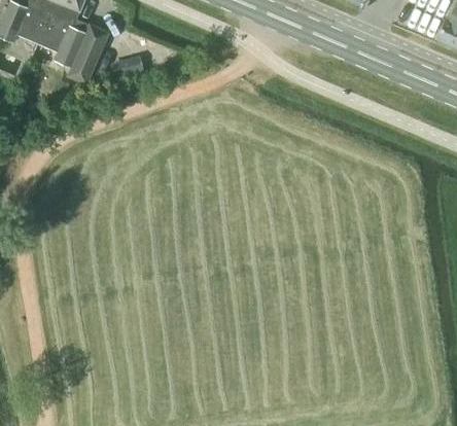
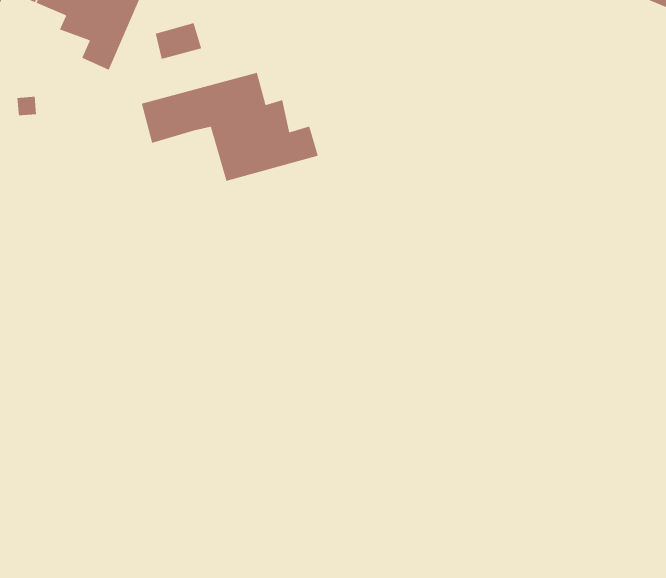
building: none -> [141,72,319,182]

